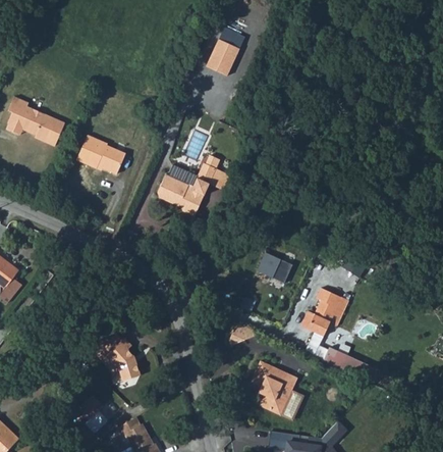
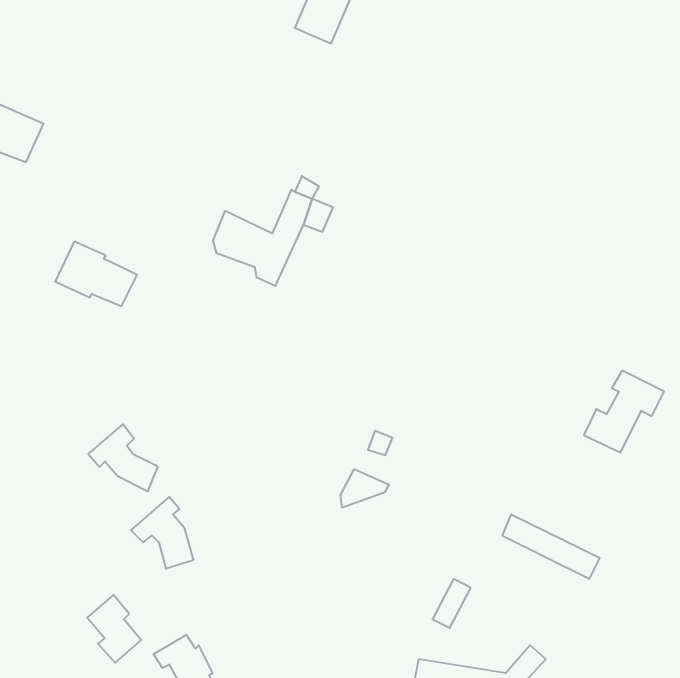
building: [70,134,118,171] -> [55,242,137,306]
building: [262,255,295,285] -> none
building: [301,290,348,338] -> [584,371,664,453]
building: none -> [88,424,158,491]
building: [247,360,295,414] -> none

